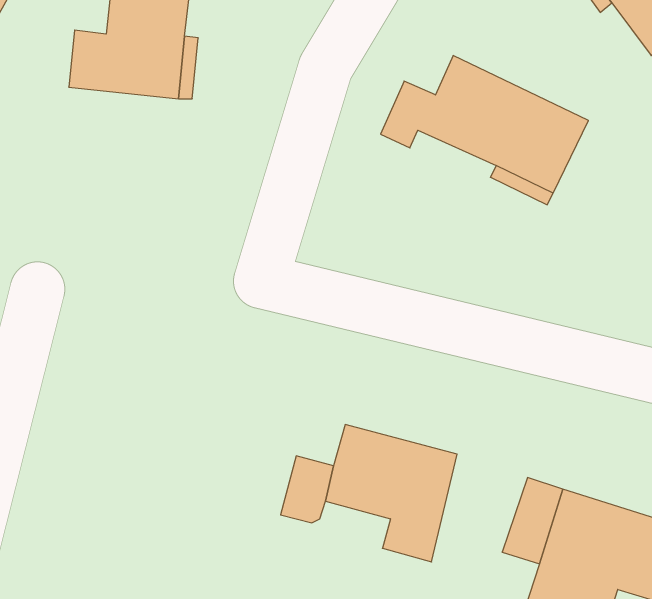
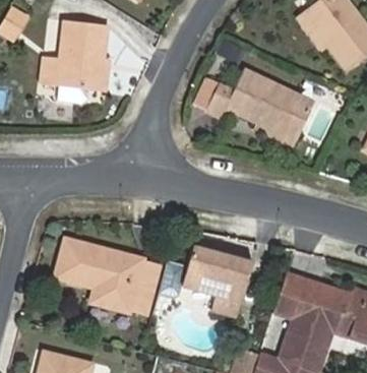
building: none -> [51,251,156,324]

